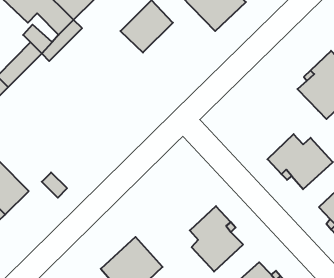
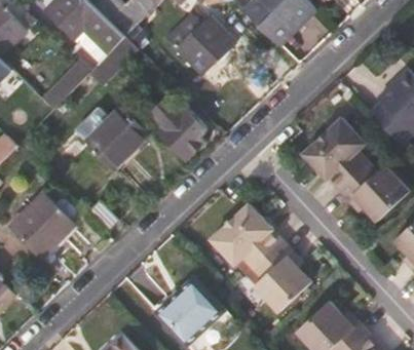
building: none -> [147,93,210,165]
building: none -> [85,105,150,169]
building: none -> [303,119,366,189]
building: none -> [211,204,280,267]

